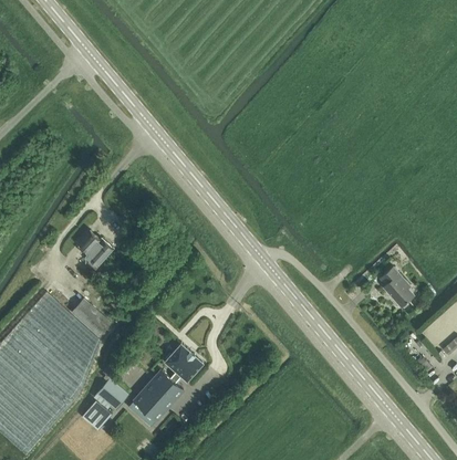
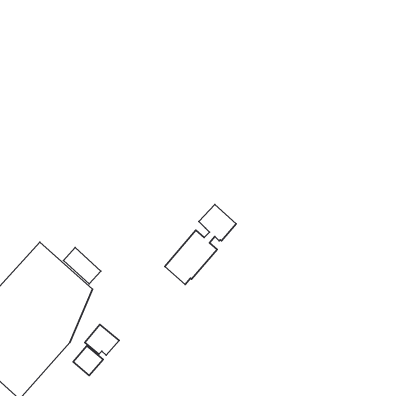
building: [77,230,113,268] -> none
building: [380,266,413,306] -> none
building: [128,343,202,426] -> [165,205,236,285]

